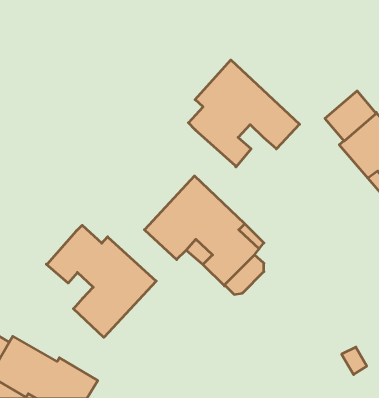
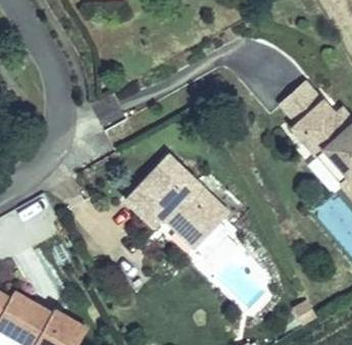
building: [188,60,300,167] -> none
building: [46,225,156,337] -> none

